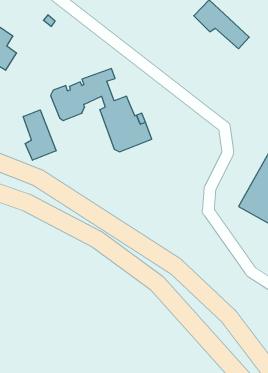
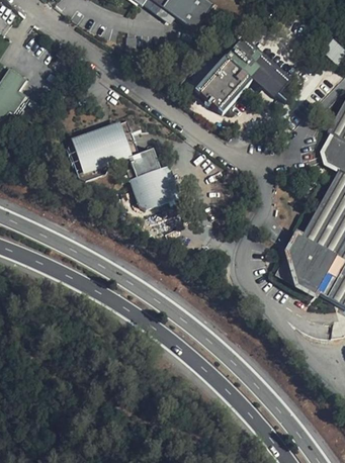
building: none -> [196,58,252,112]
building: [23,110,56,160] -> none

